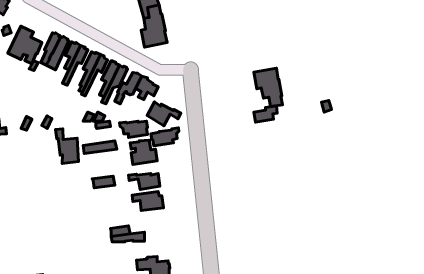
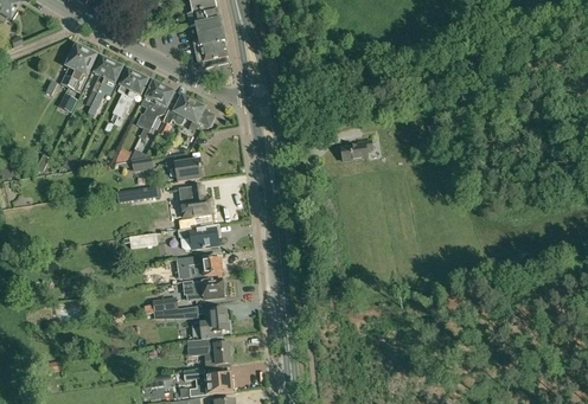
building: [8,26,42,64] -> none
building: [254,68,282,107] -> none
building: [147,102,181,126] -> none
building: [151,128,179,146] -> none
building: [56,129,79,163] -> none
building: none -> [184,278,225,302]
building: none -> [200,309,228,339]

